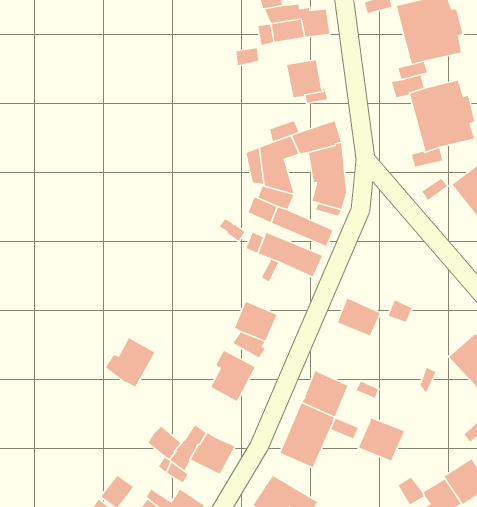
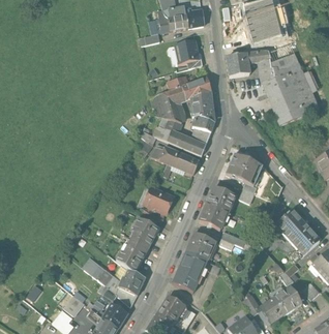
building: none -> [227,154,262,185]
building: [105,337,156,388] -> [116,241,147,272]
building: [358,417,405,461] -> [200,202,229,229]

